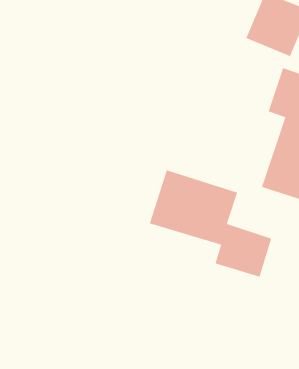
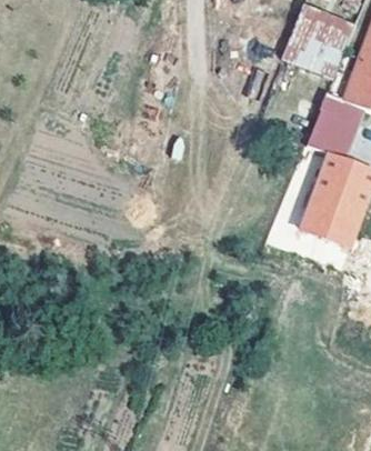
building: [149,169,272,278] -> none

